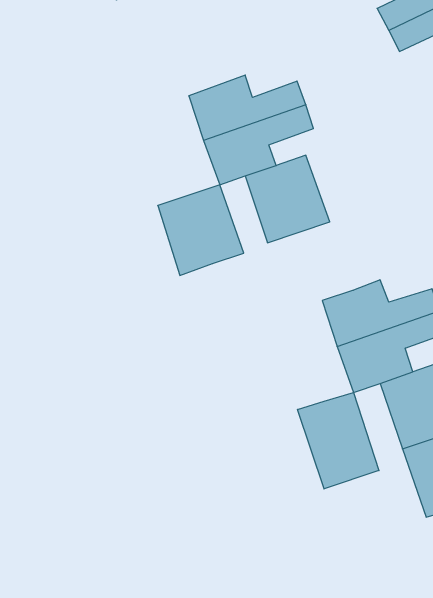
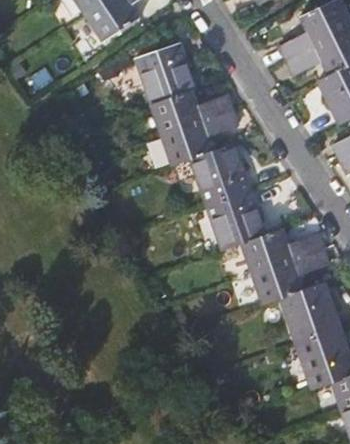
building: none -> [137,45,194,104]
building: [158,185,244,275] -> [205,189,263,250]
building: [298,393,379,489] -> none

